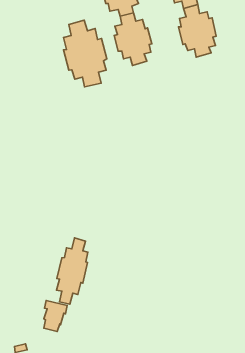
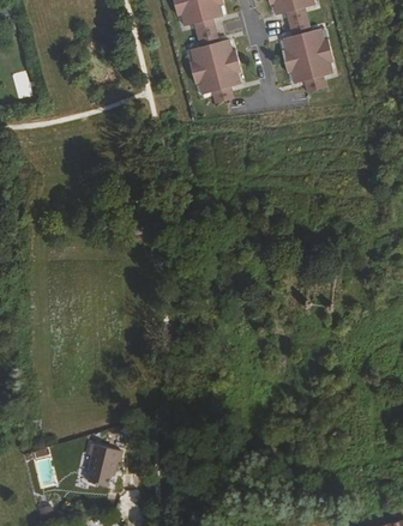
building: [64,20,107,87] -> none
building: [57,238,88,304] -> none

